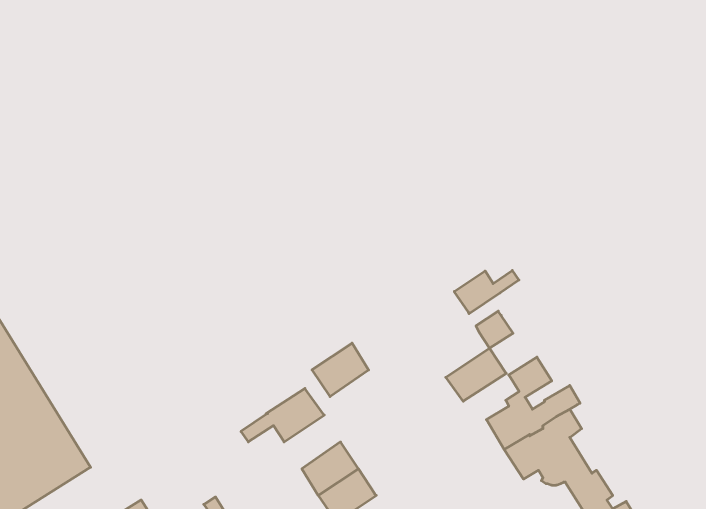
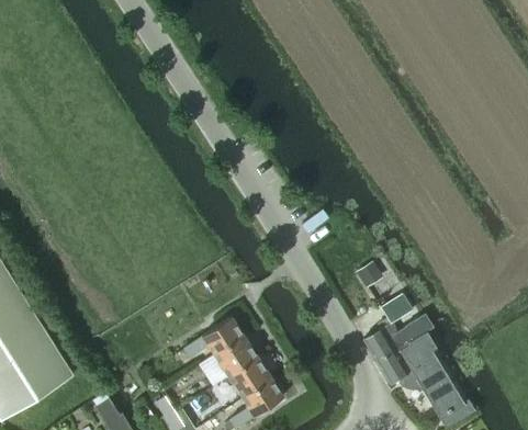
building: [454,270,519,314] -> none
building: [312,343,369,397] -> [215,337,257,376]
building: [446,348,506,401] -> none

